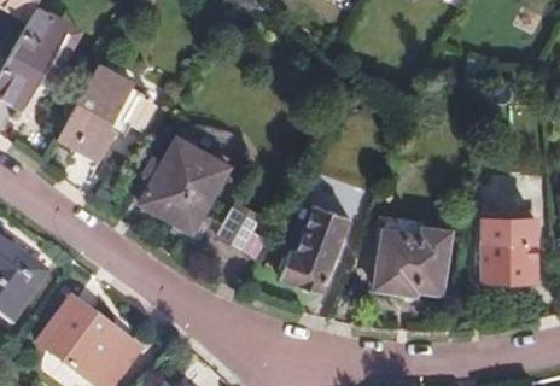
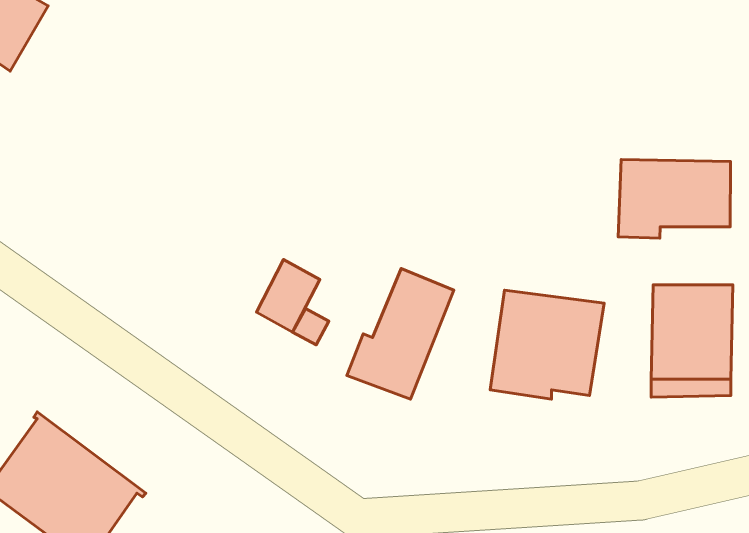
building: [59,69,150,163] -> none
building: none -> [618,159,731,238]
building: [140,139,229,242] -> none

